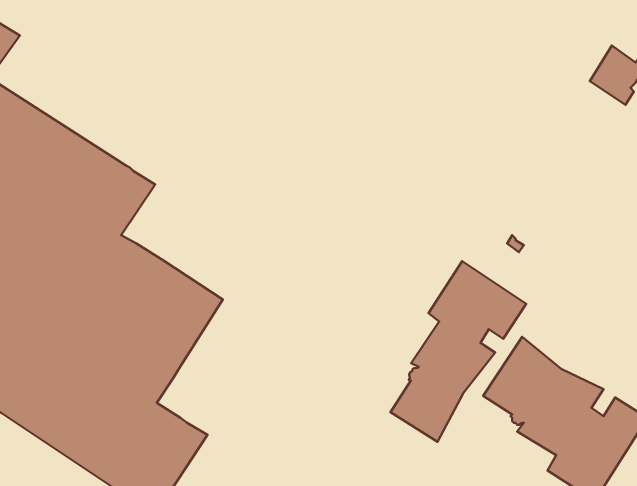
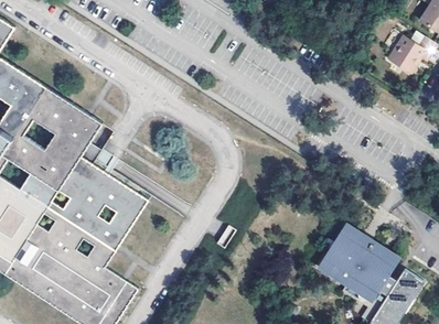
building: [390,261,526,442] -> none

